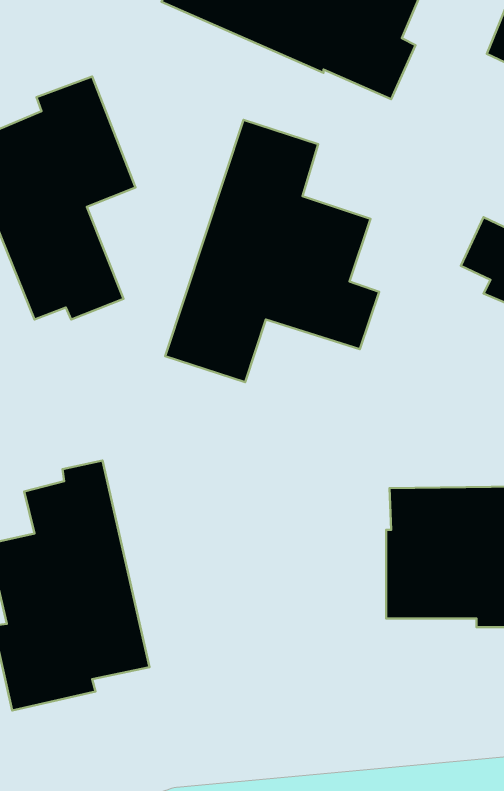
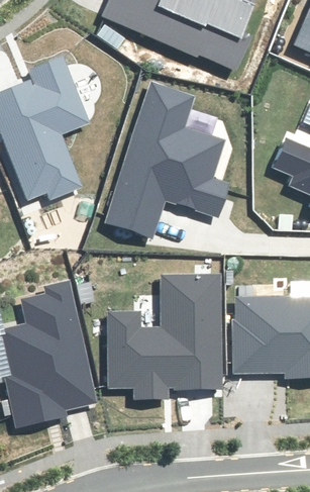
building: none -> [108,276,220,398]

